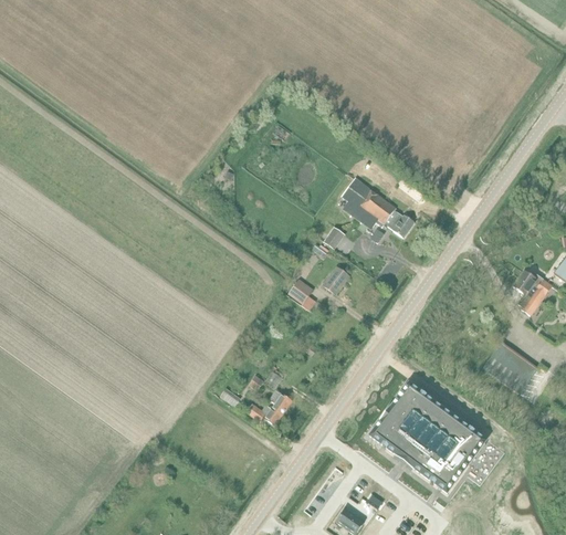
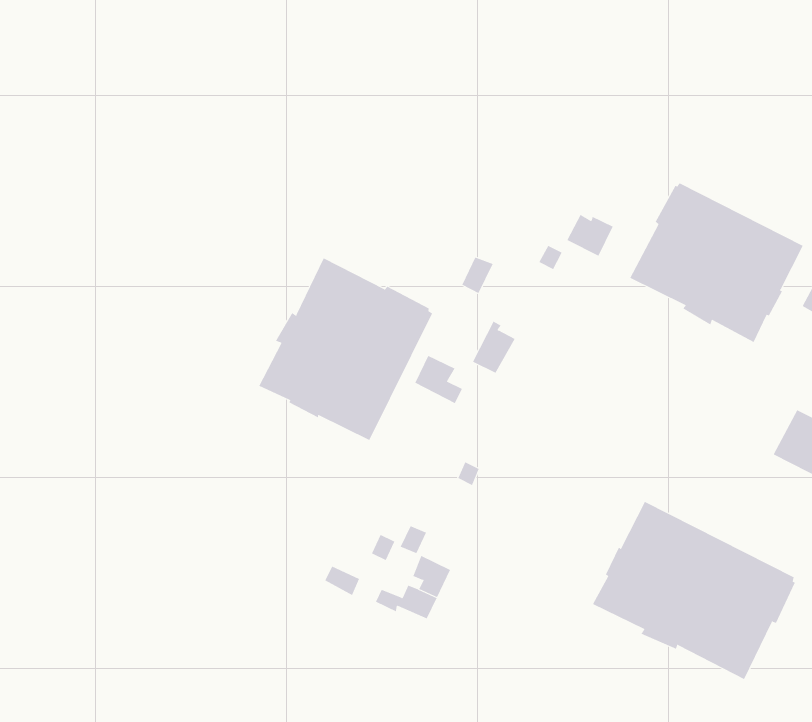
building: [343,177,398,230] -> none
building: none -> [629,182,803,343]
building: none -> [259,258,433,441]

